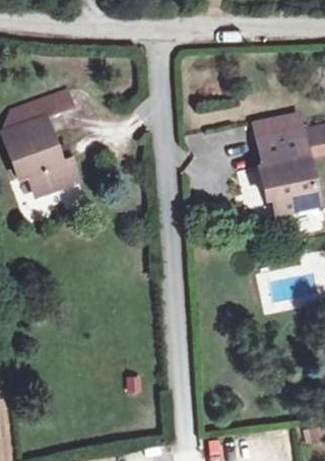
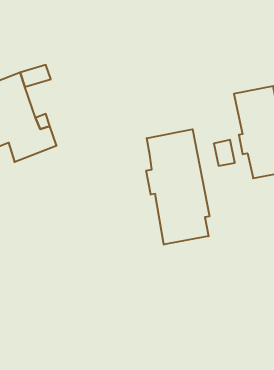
building: none -> [146,129,209,245]

